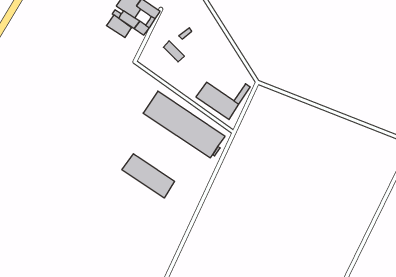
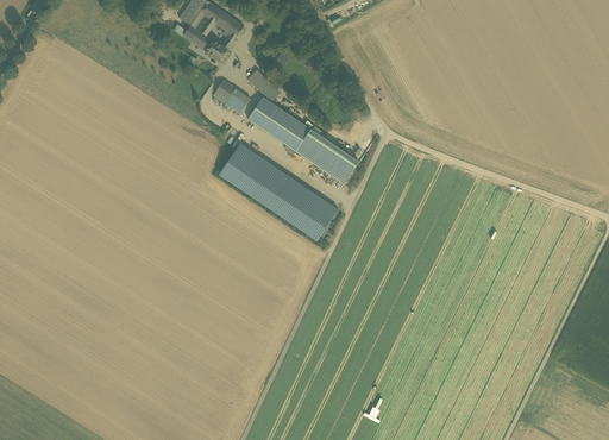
building: [106,15,132,38] -> [213,80,250,113]
building: none -> [247,98,312,151]
building: [122,154,175,198] -> none

